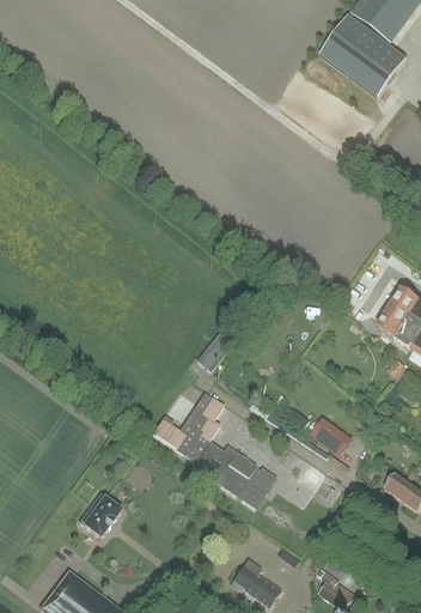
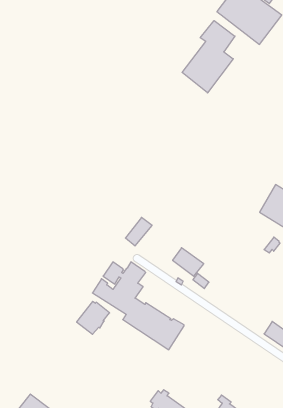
building: none -> [182,21,235,93]
building: [309,414,350,453] -> [173,248,204,276]
building: [78,493,122,538] -> [77,301,110,334]

